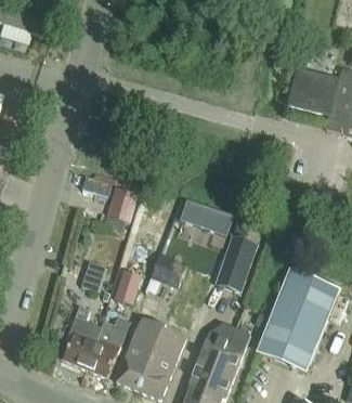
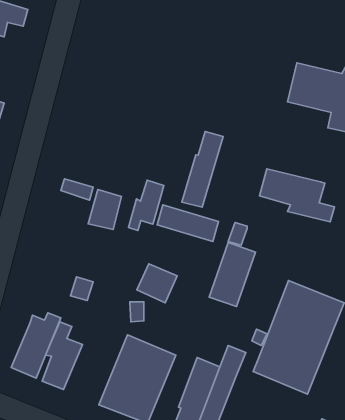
building: none -> [182,132,223,207]
building: none -> [259,169,334,222]
building: none -> [128,180,164,230]
building: [114,269,142,303] -> none
building: [83,317,129,377] -> [11,313,61,378]

